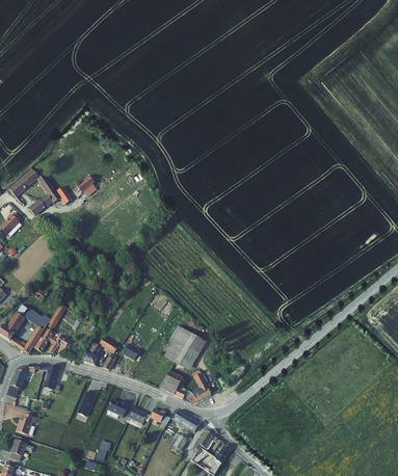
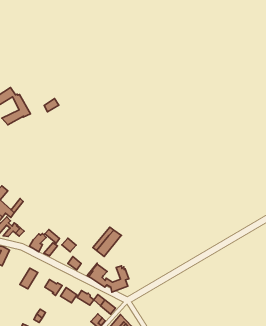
building: [176,334,206,369] -> none

